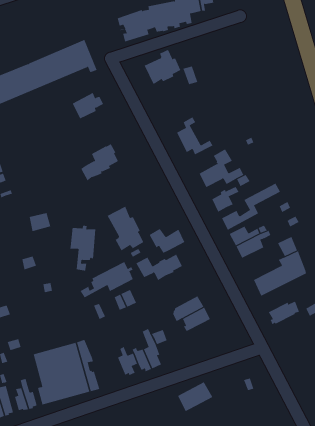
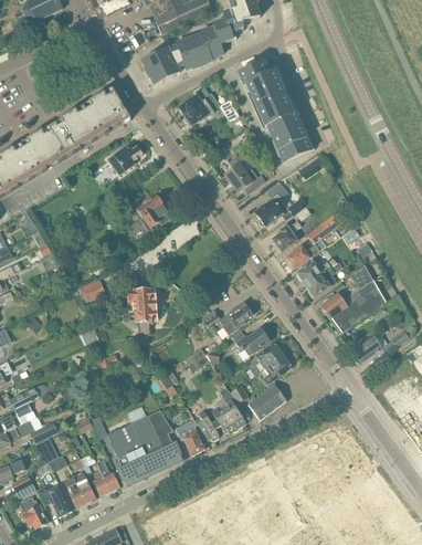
building: none -> [238,61,314,160]
building: [107,206,144,252] -> none
building: [149,228,185,253] -> [229,327,268,356]
building: none -> [319,292,357,317]
building: [80,261,134,298] -> none
building: none -> [175,419,204,454]
building: [177,381,213,412] -> [247,384,286,420]

